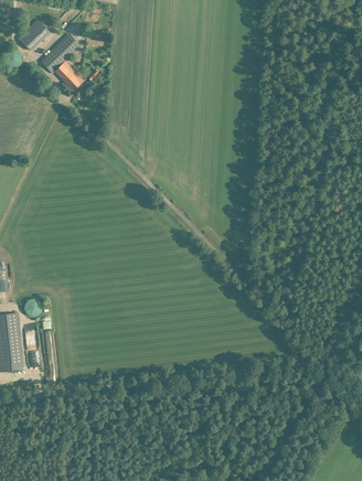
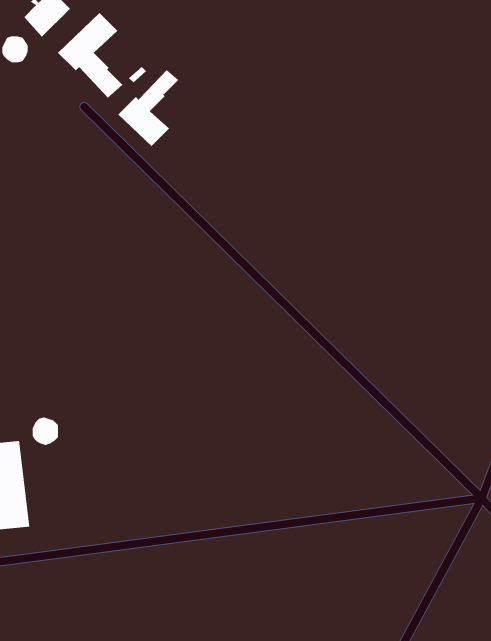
building: none -> [117,69,179,147]

